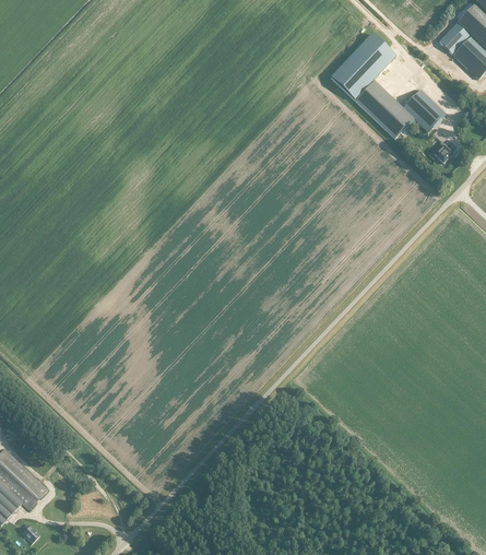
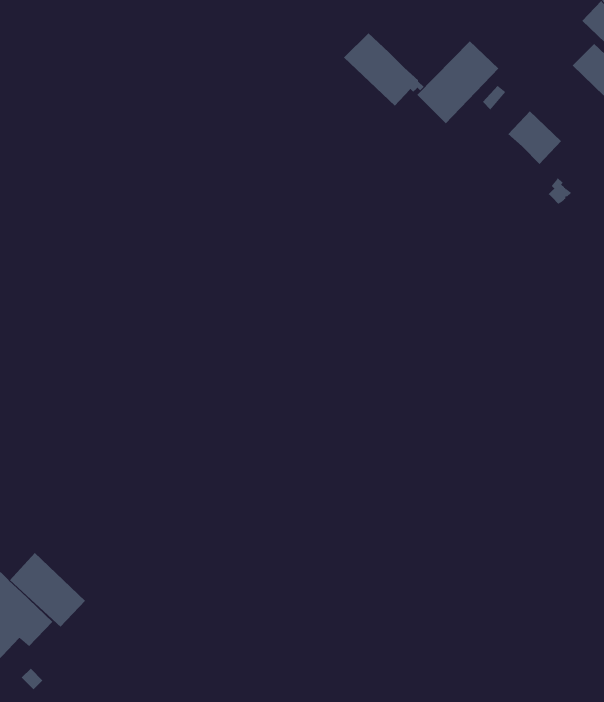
building: [439,22,470,52] -> none
building: [355,80,418,138] -> [343,32,424,107]
building: none -> [9,552,86,628]

